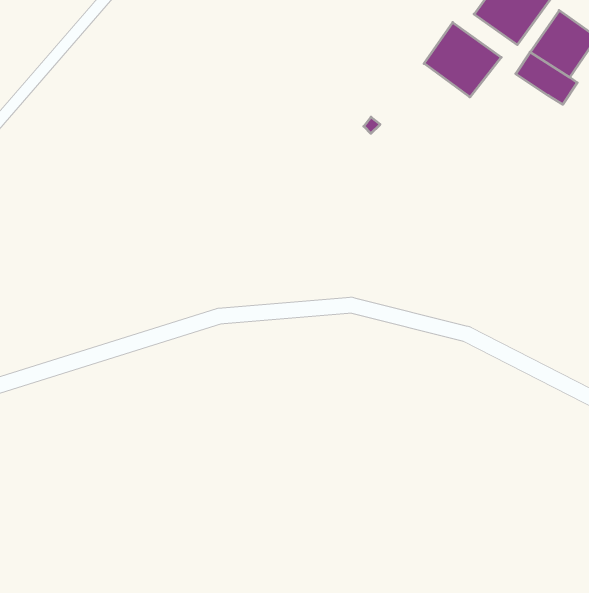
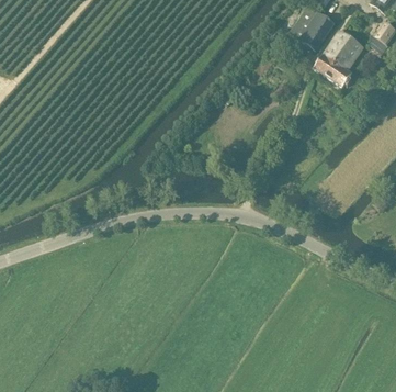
building: [424,22,501,97] -> none

